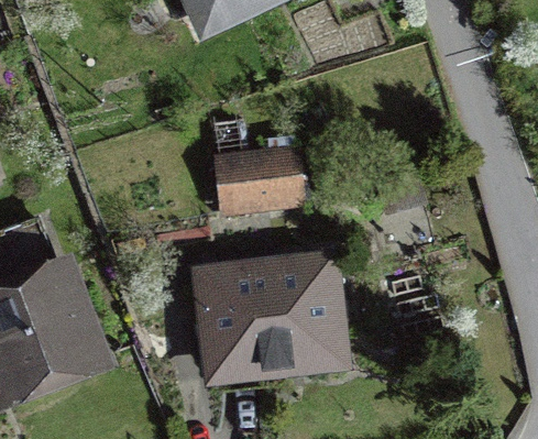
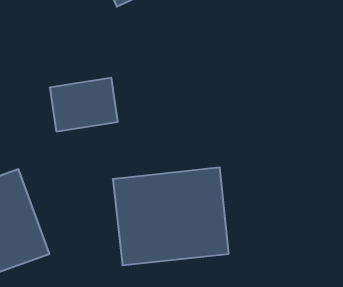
building: [216,145,308,218] -> [50,78,118,131]

